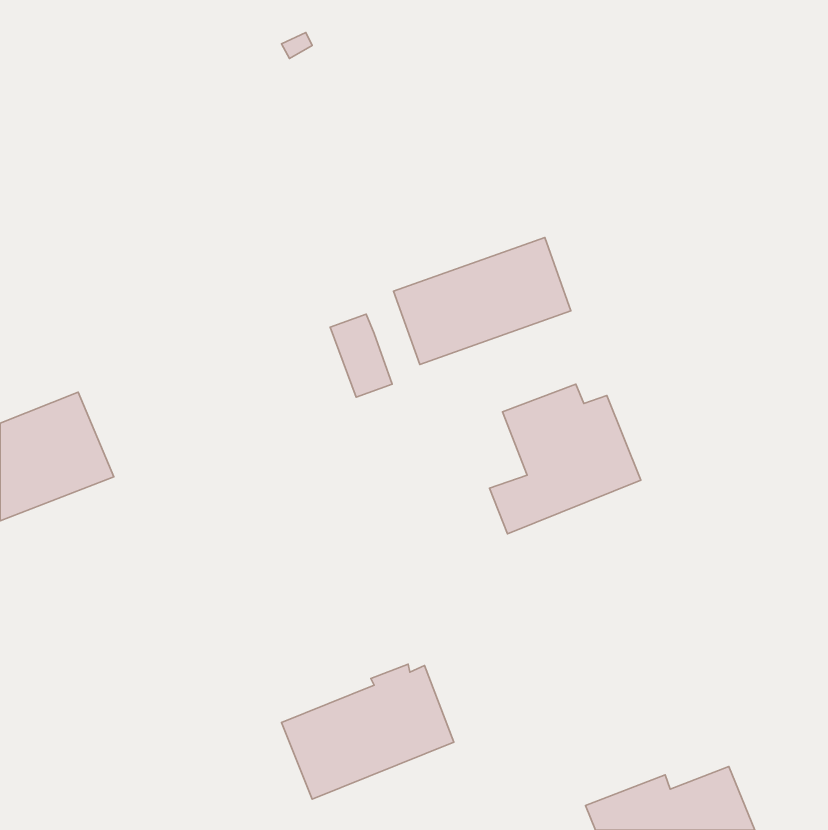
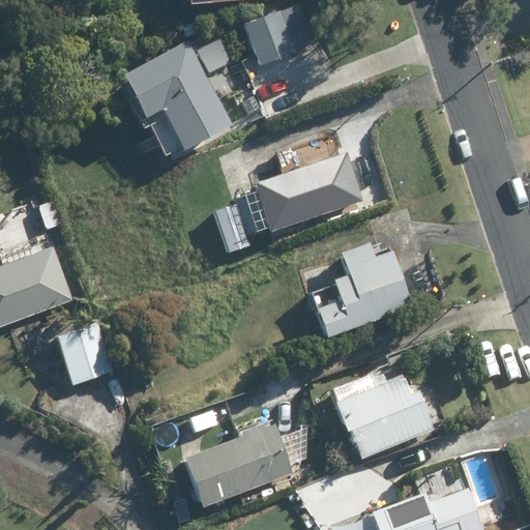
building: none -> [245,9,295,63]
building: none -> [137,40,230,149]
building: none -> [58,329,115,389]
building: none -> [333,379,436,464]

